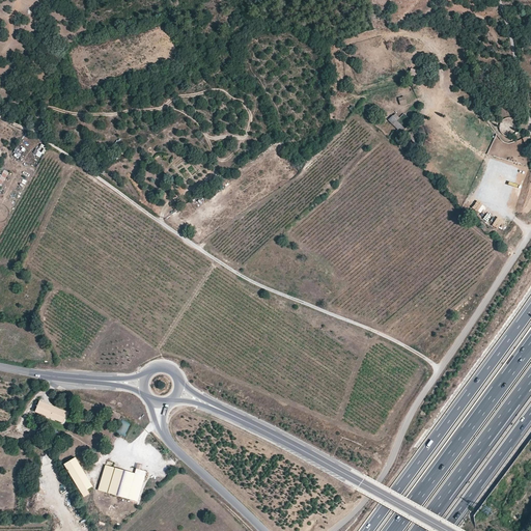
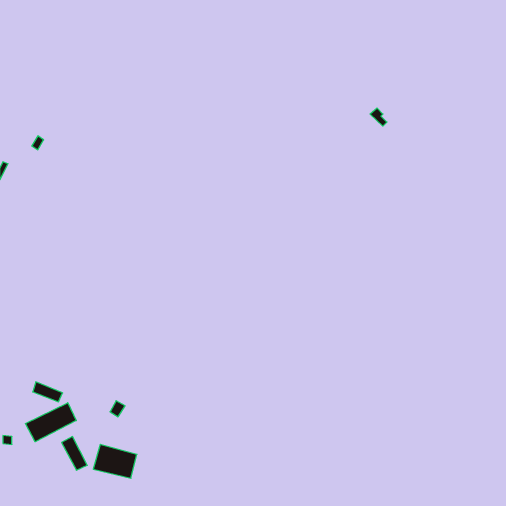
building: none -> [25,403,76,442]

